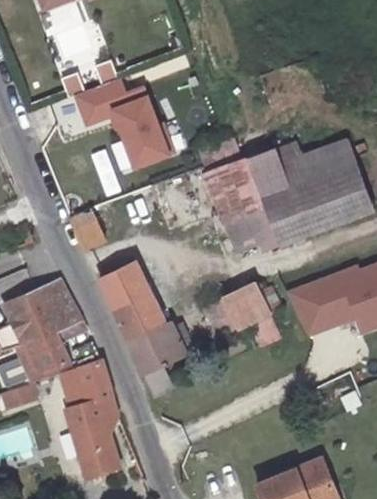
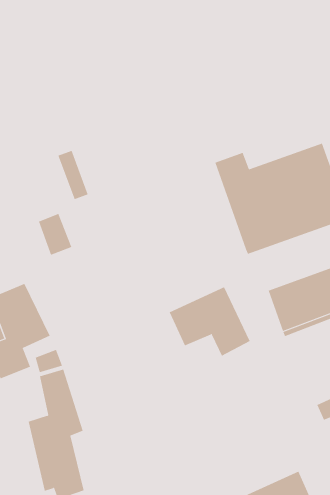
building: [64,61,167,163] -> none
building: [201,161,273,255] -> none
building: [100,261,195,395] -> none

